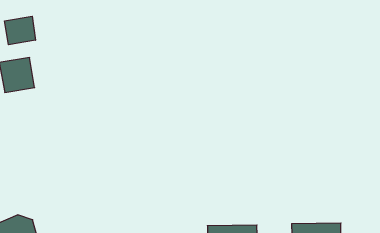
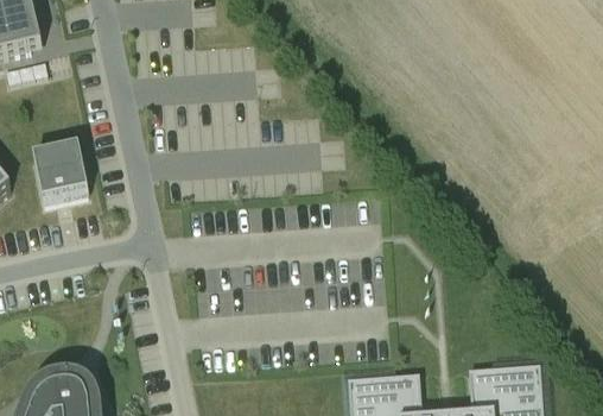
building: [5,16,35,45] -> none

